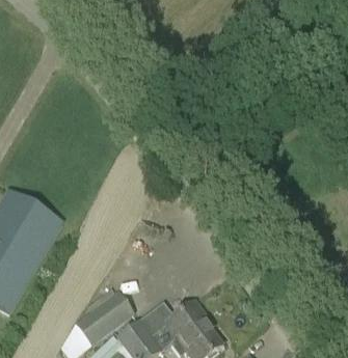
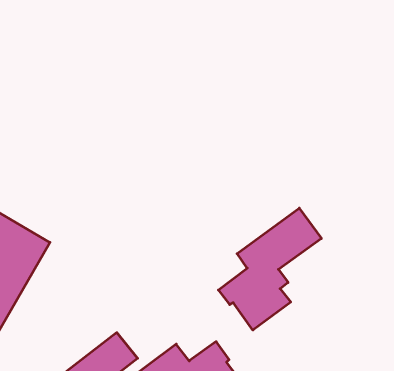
building: none -> [218,208,321,330]

